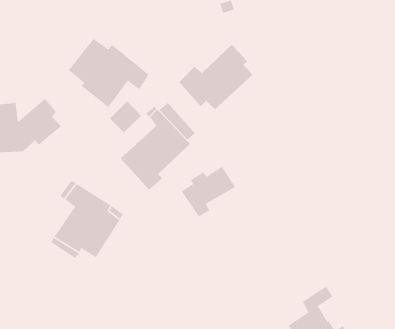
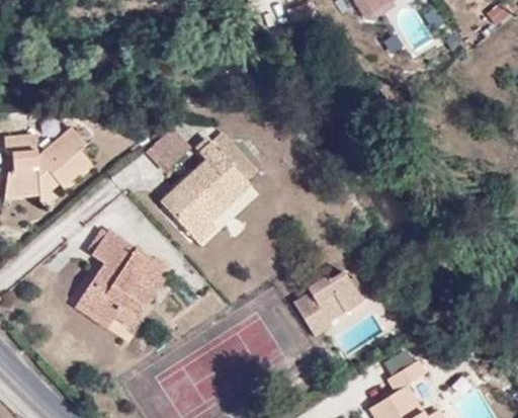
building: [68,38,150,108] -> none
building: [179,44,253,110] -> none
building: [181,166,236,217] -> [290,269,359,333]

